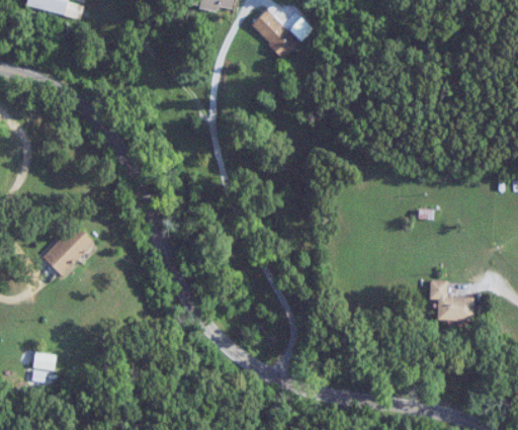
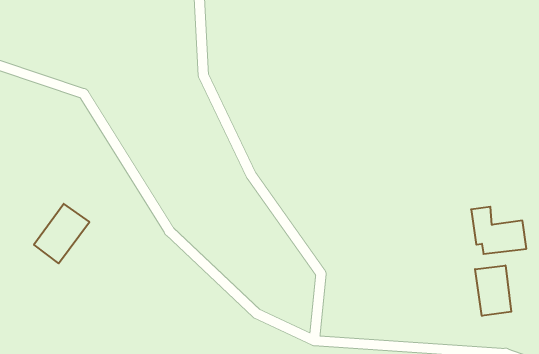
building: none -> [475,265,511,316]

